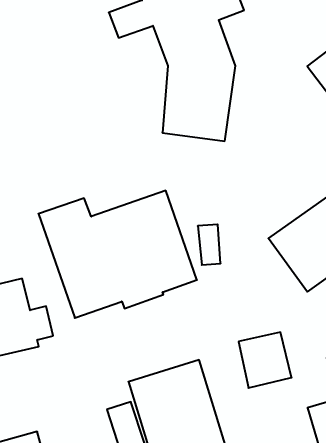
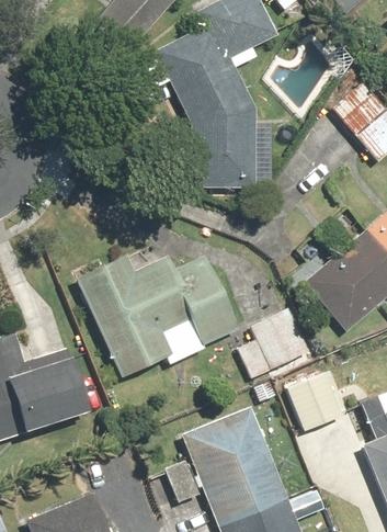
building: none -> [251,309,305,369]

